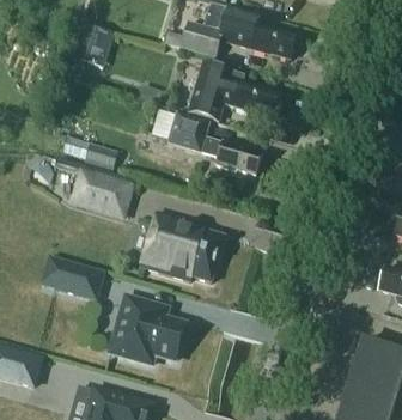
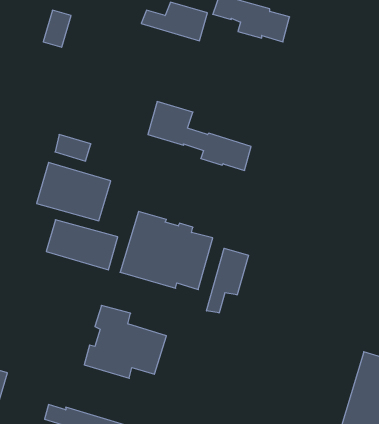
building: [188,62,279,120] -> none
building: none -> [207,248,248,313]
building: [39,256,104,302] -> [46,220,118,270]

